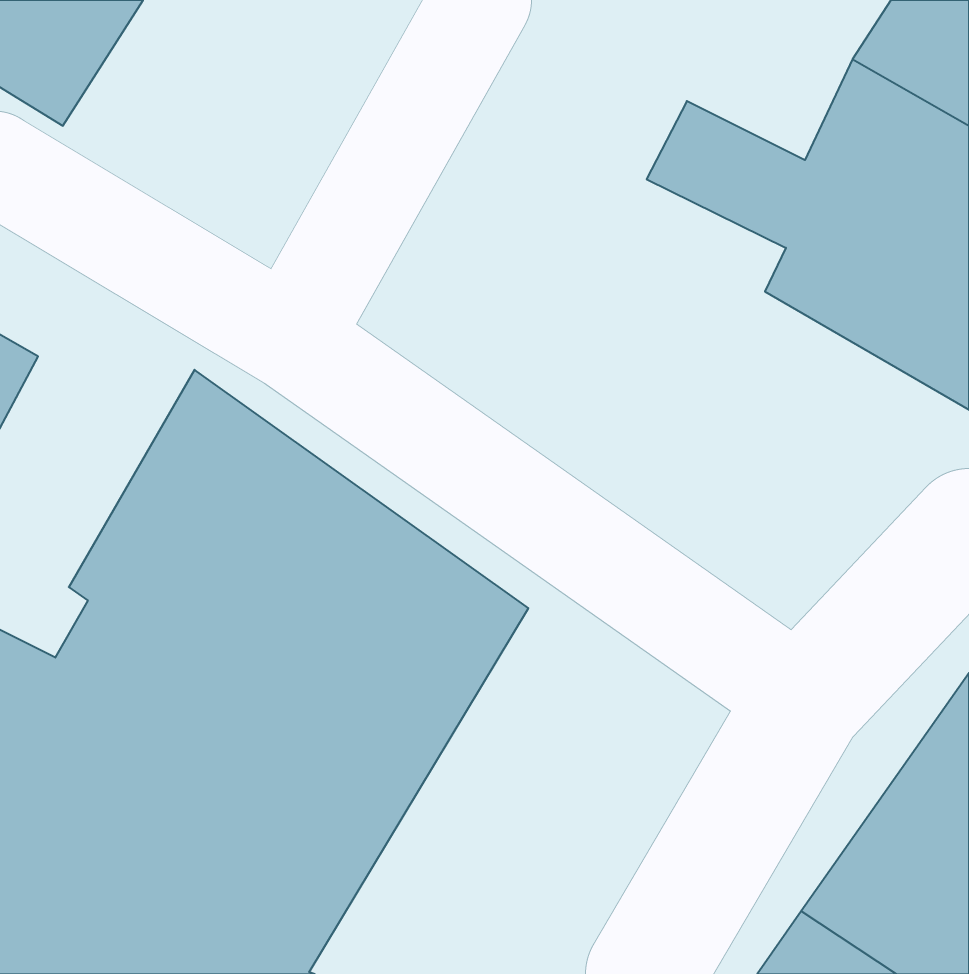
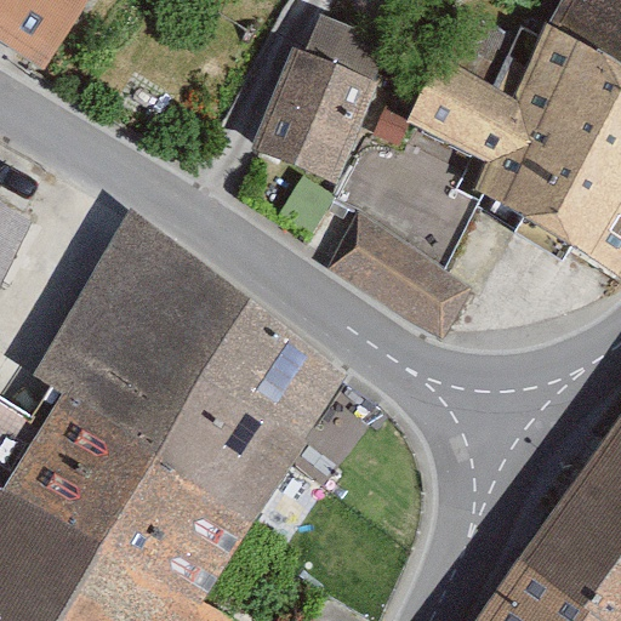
building: none -> [256,21,383,177]
building: none -> [324,215,473,340]

